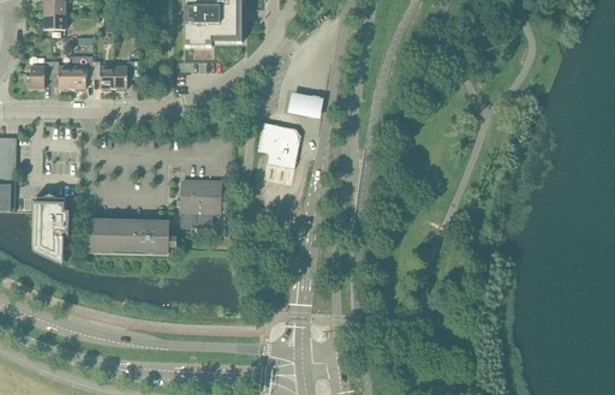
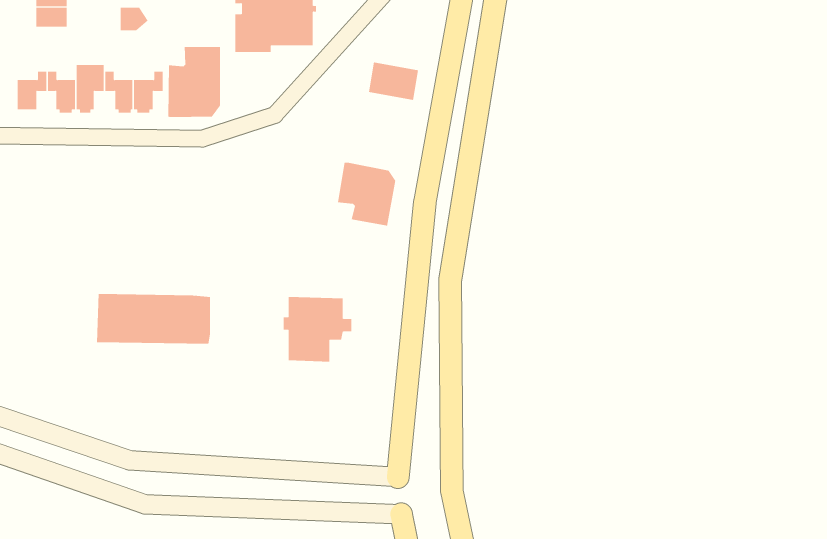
building: none -> [168,46,220,118]
building: [287,94,323,121] -> [368,62,419,100]
building: [178,180,227,227] -> [283,297,352,362]
building: [32,193,68,264] -> none

